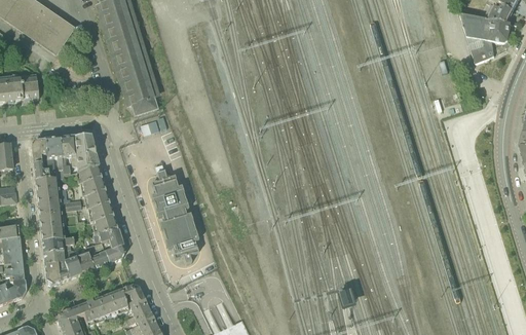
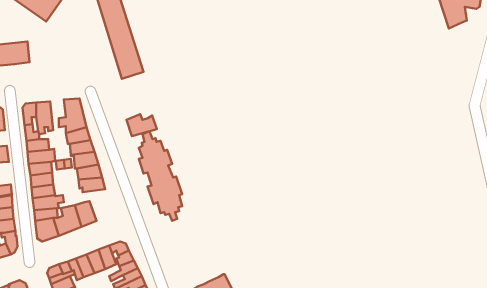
building: [60,136,76,173] -> none
building: none -> [126,114,157,136]
building: [92,229,124,262] -> none

